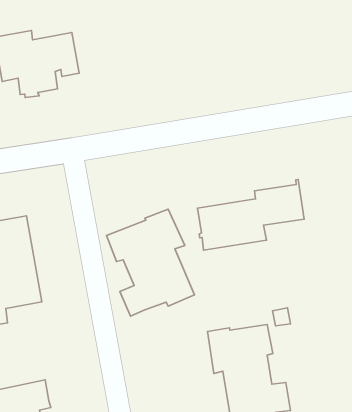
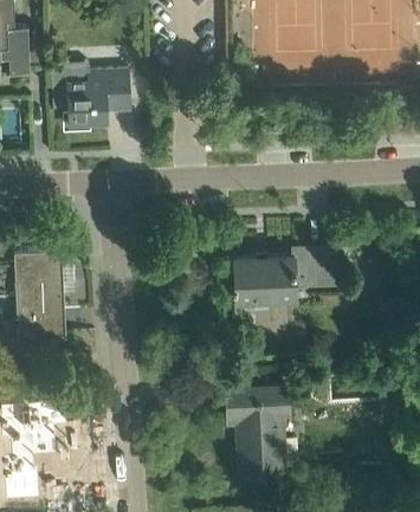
building: [107,209,195,316] -> none

